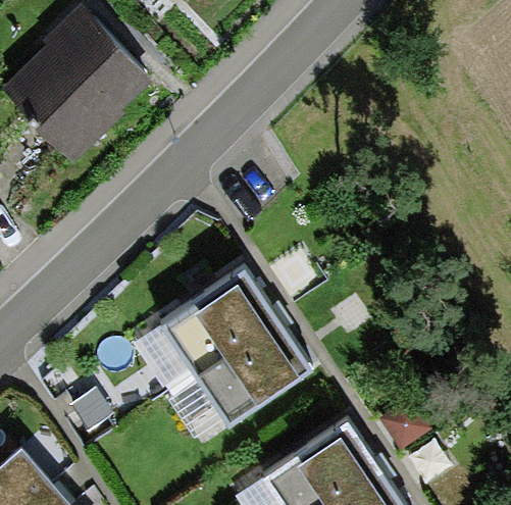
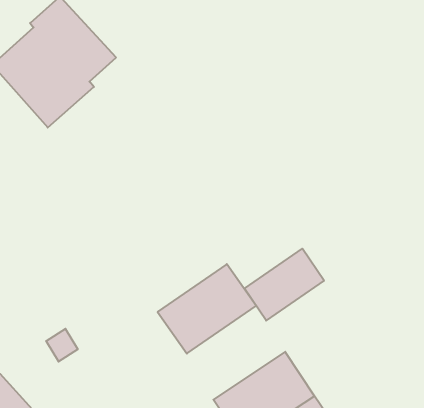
building: [156,268,274,377] -> none
building: none -> [244,249,324,321]

